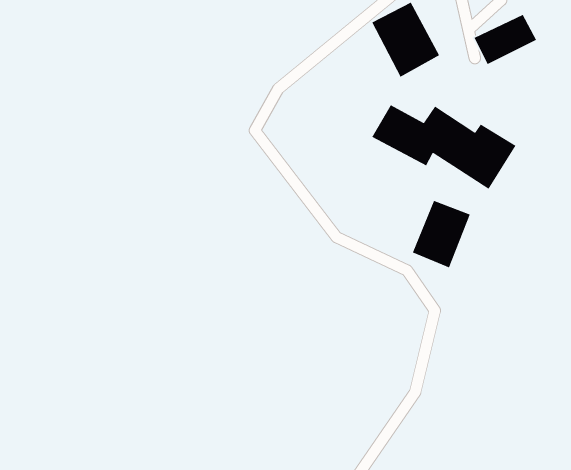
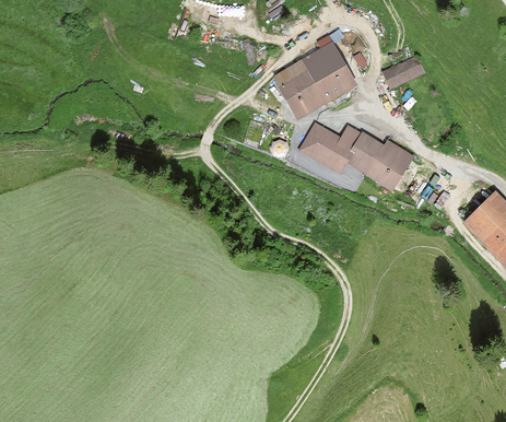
building: none -> [271,59,323,120]
building: [412,200,471,269] -> none

